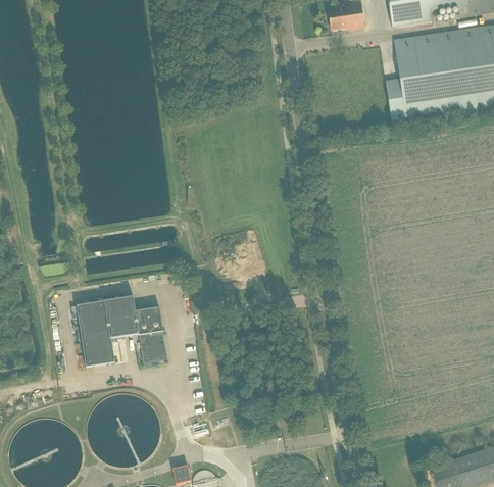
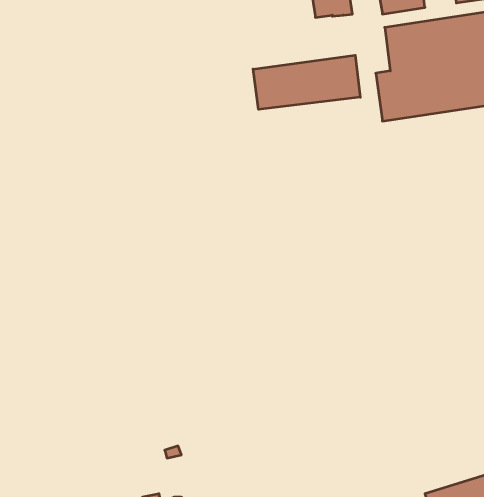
building: none -> [253,55,360,109]
building: [77,295,167,366] -> none

